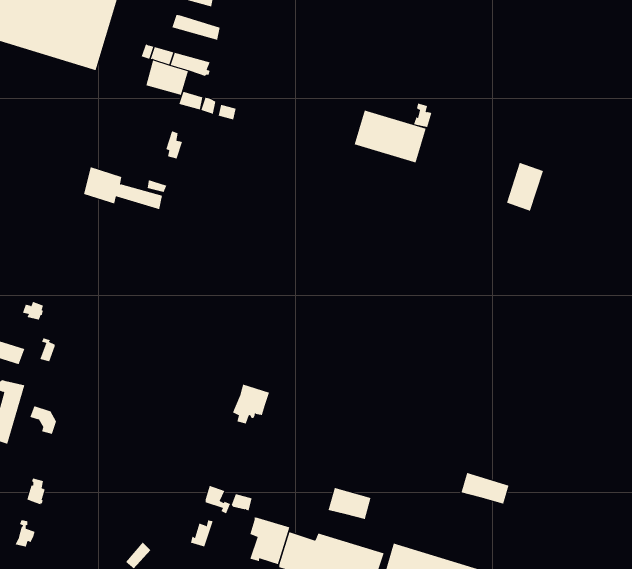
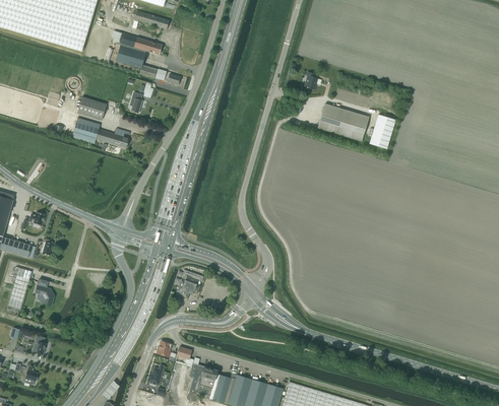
building: [354,110,426,163] -> [318,104,369,141]
building: none -> [77,96,107,120]
building: [461,472,509,505] -> none
building: [328,487,371,520] -> none

